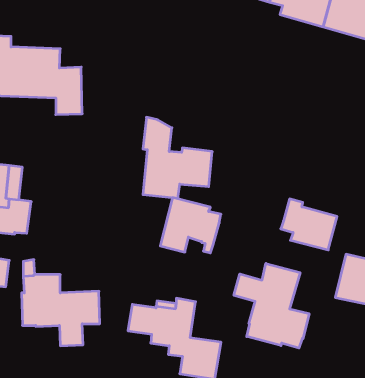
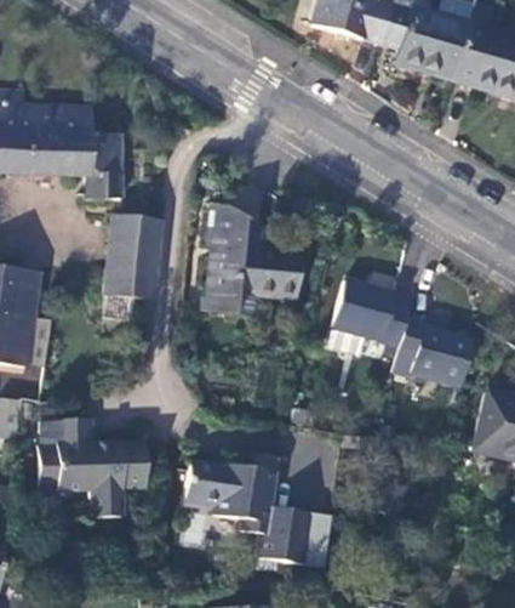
building: none -> [102,216,160,318]
building: [160,198,221,253] -> [326,280,410,357]
building: [234,263,309,348] -> none

